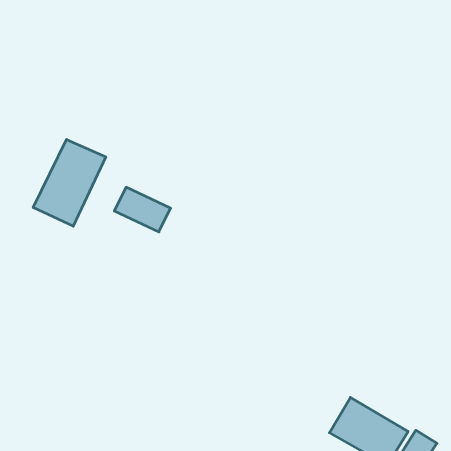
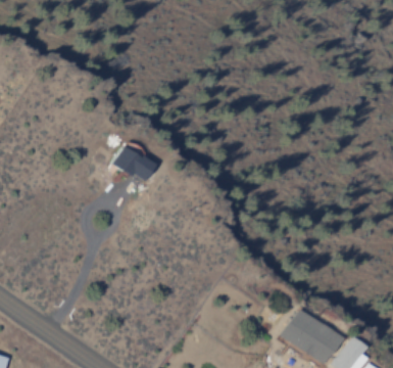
building: [33,139,106,226] -> none

